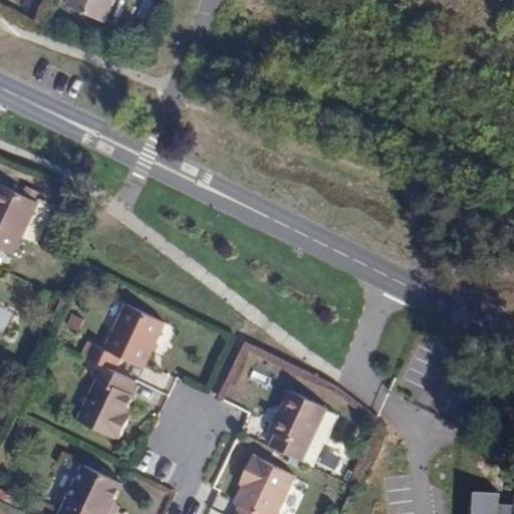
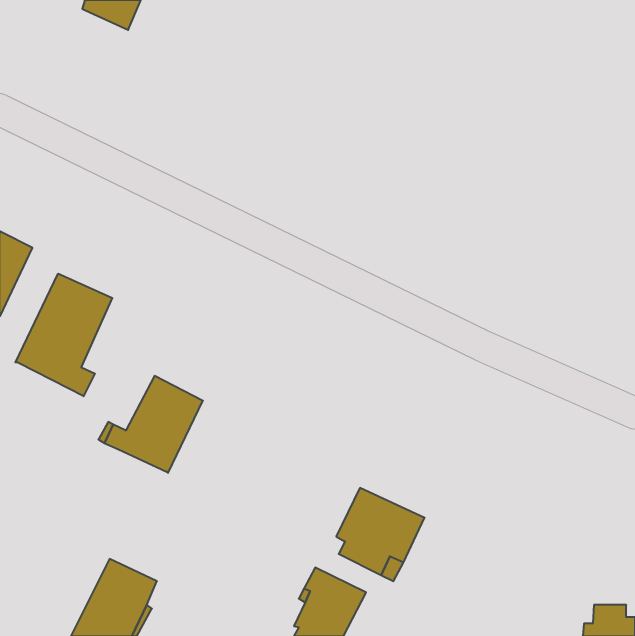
building: none -> [15,274,112,396]
building: [68,362,135,440] -> none

